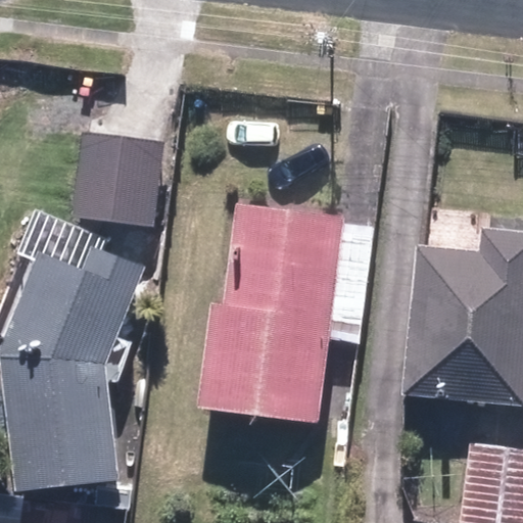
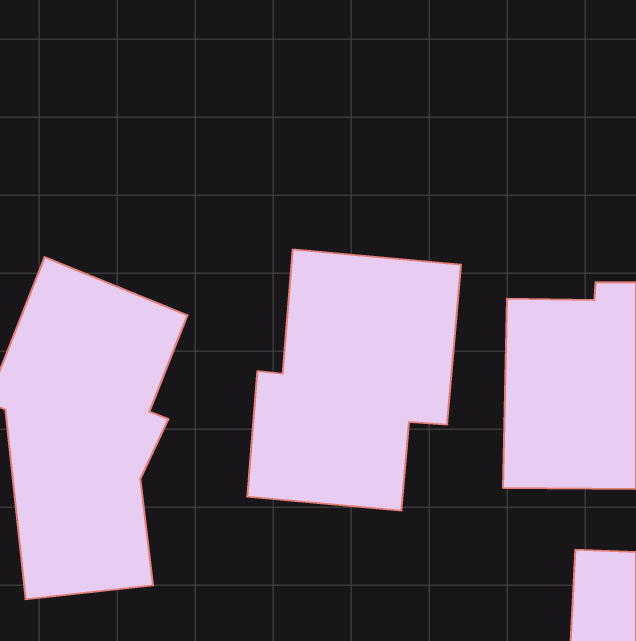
building: [74,137,161,230] -> none

